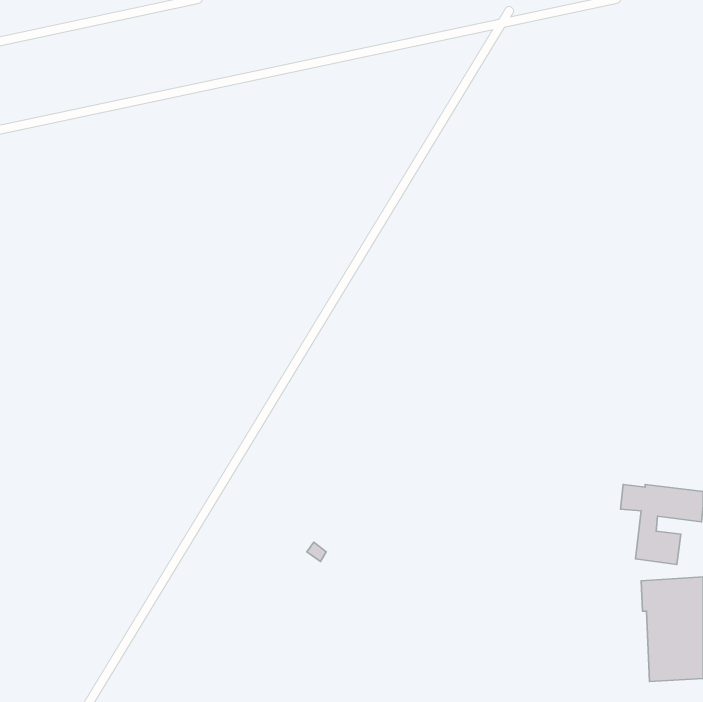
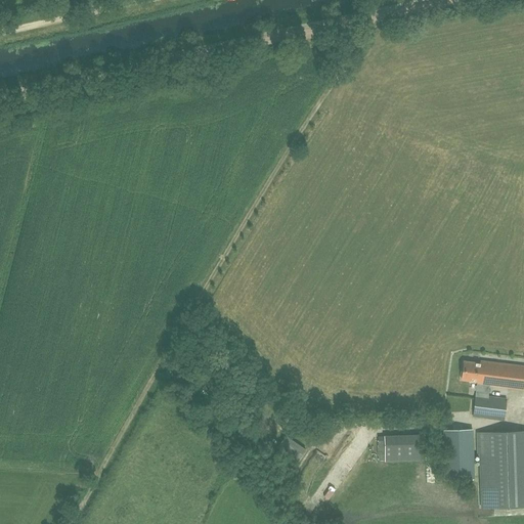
building: none -> [444,429,474,478]
building: none -> [384,434,426,461]

